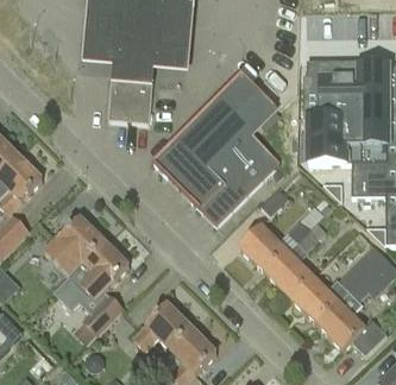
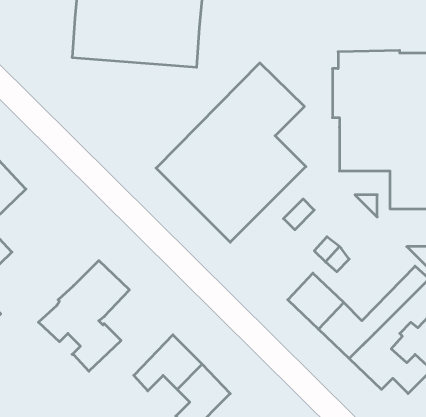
building: [108,77,152,121] -> none
building: [46,216,105,273] -> none
building: [239,225,287,273] -> none

